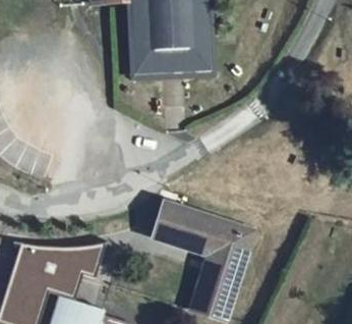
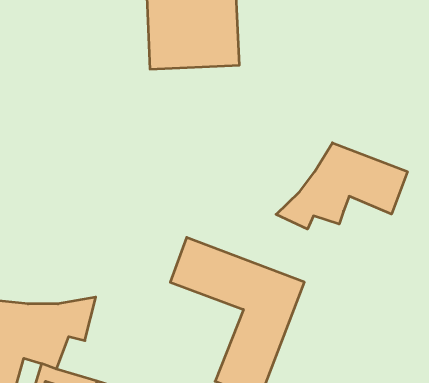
building: none -> [276,143,407,229]

